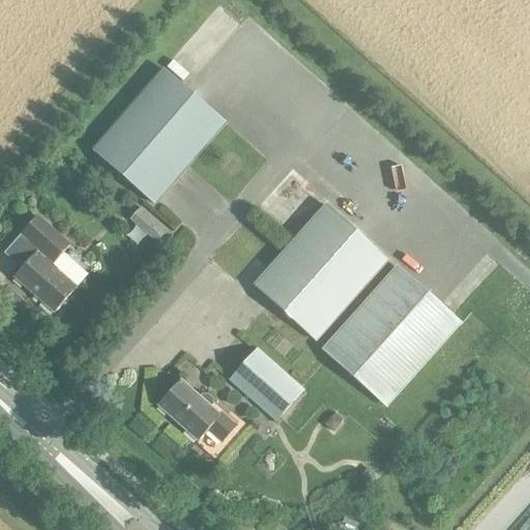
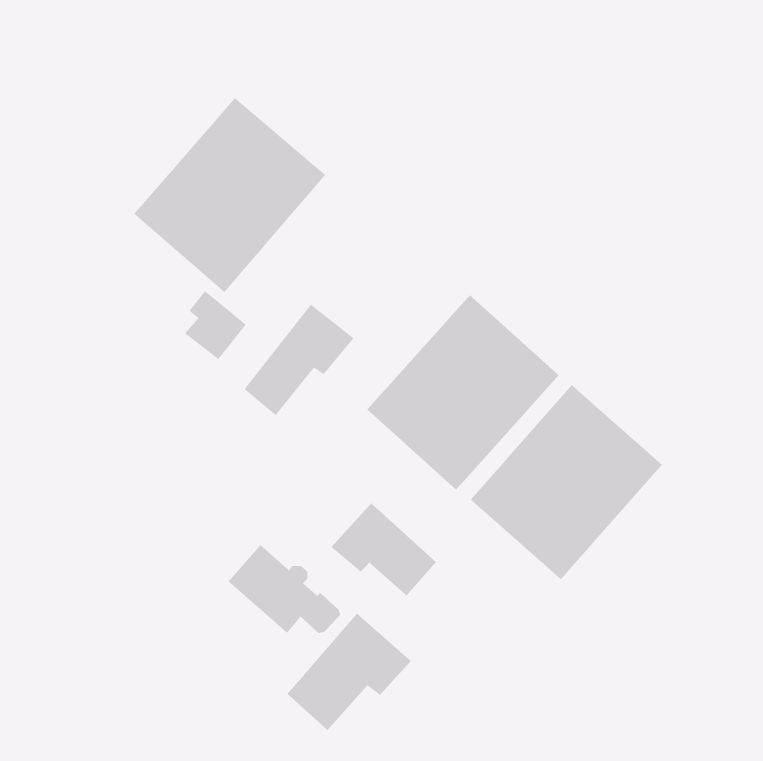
building: none -> [243,304,354,416]
building: [5,214,77,311] -> none
building: none -> [286,613,412,731]

